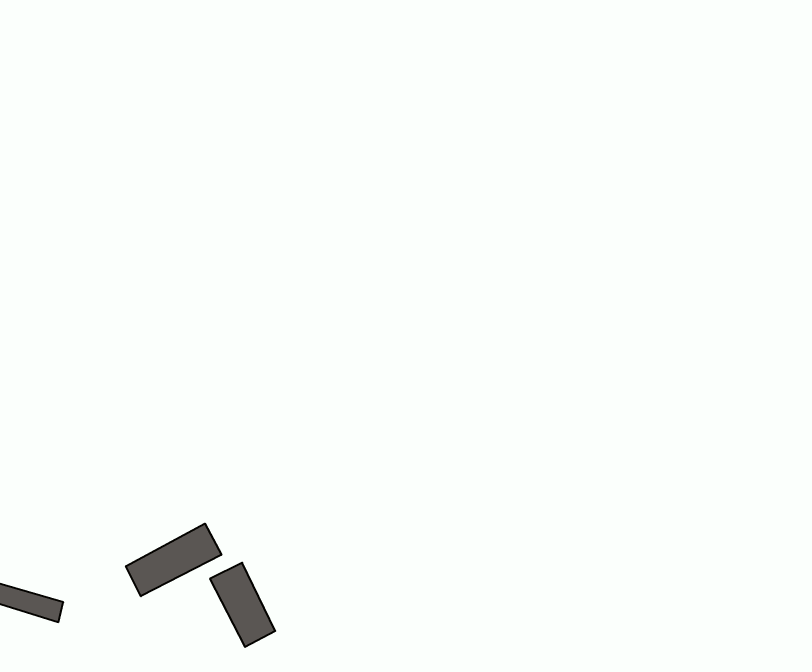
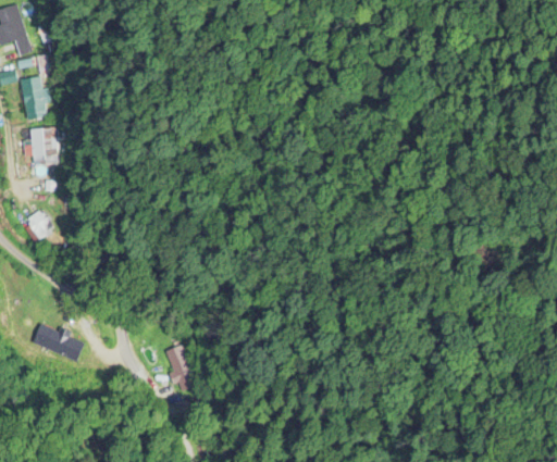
building: [126,524,221,596] -> none

